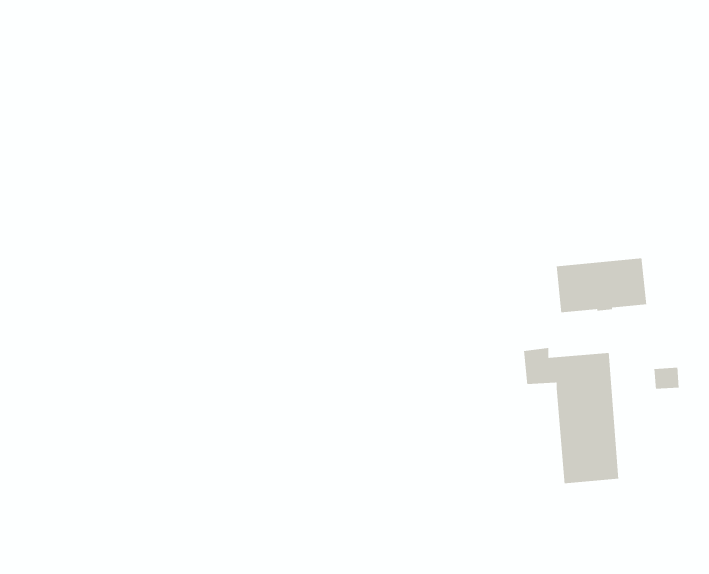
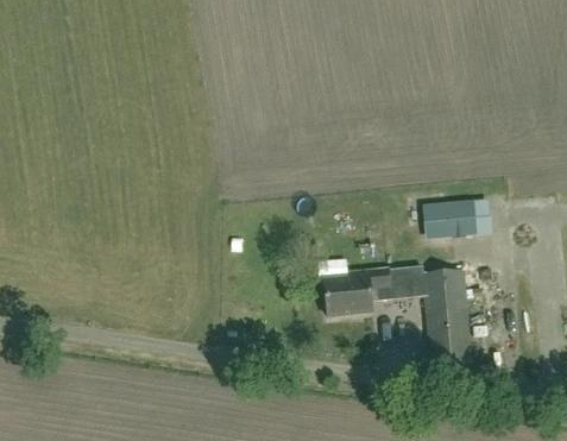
building: none -> [325,267,424,315]

